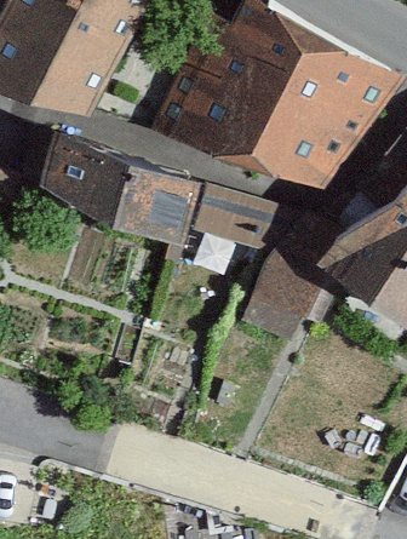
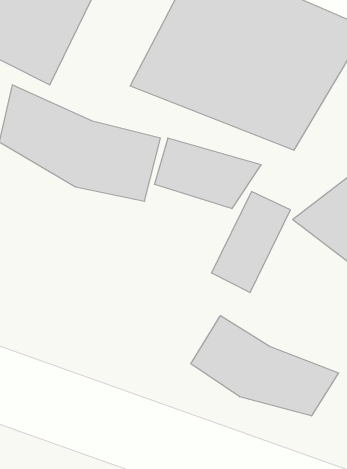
building: none -> [191,316,339,416]

